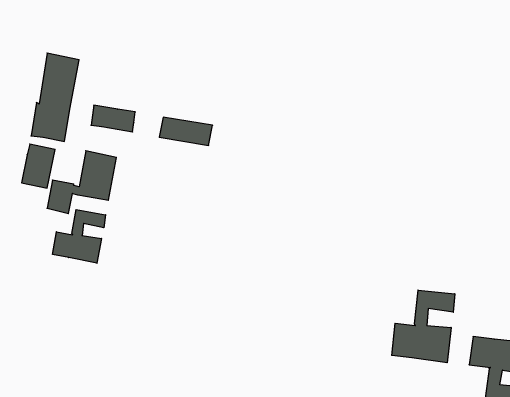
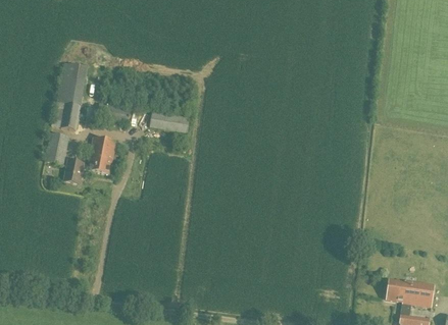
building: [53,210,106,263] -> none
building: [392,290,455,363] -> none

